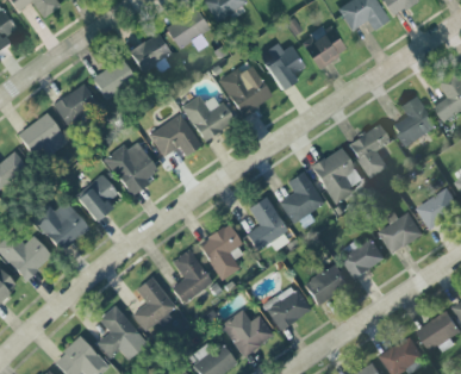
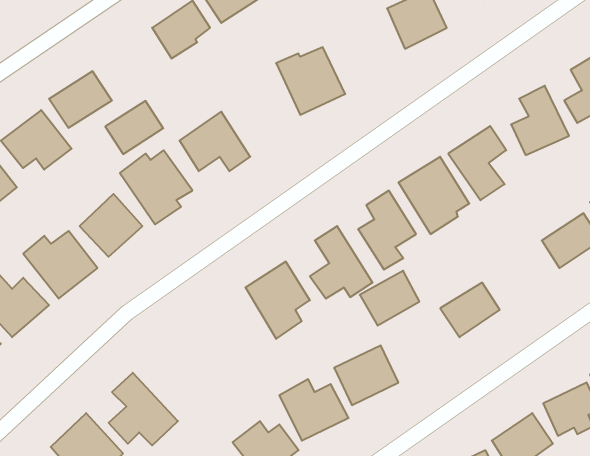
building: [264,42,305,91] -> none
building: [92,58,135,98] -> [105,101,163,154]
building: [182,94,233,142] -> none
building: [379,210,424,254] -> none
building: [172,249,213,304] -> none
building: [304,264,348,305] -> [360,271,419,326]
building: [132,278,175,331] -> none

